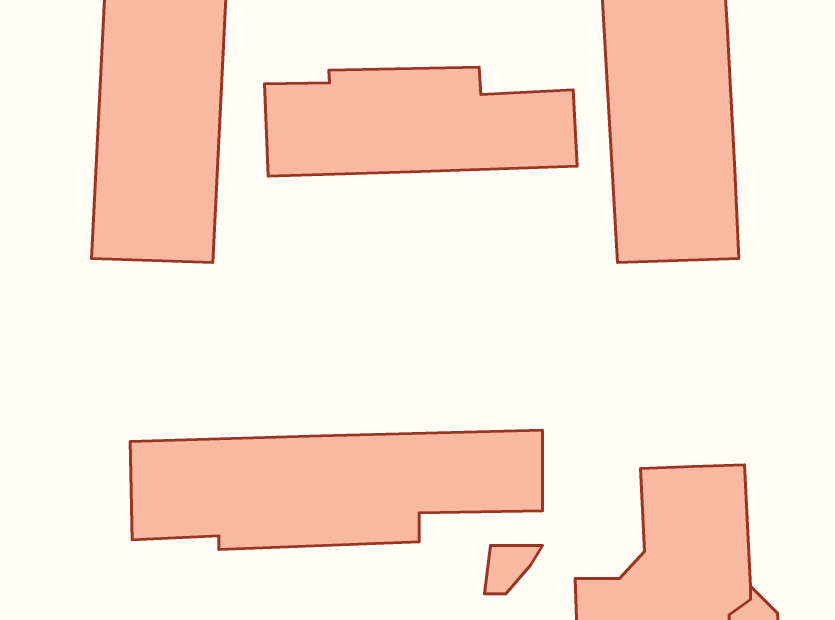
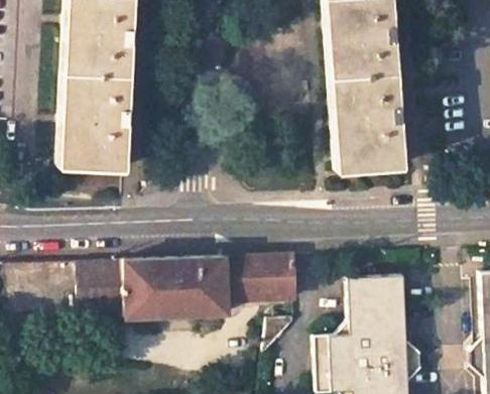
building: [264,67,577,176] -> none

